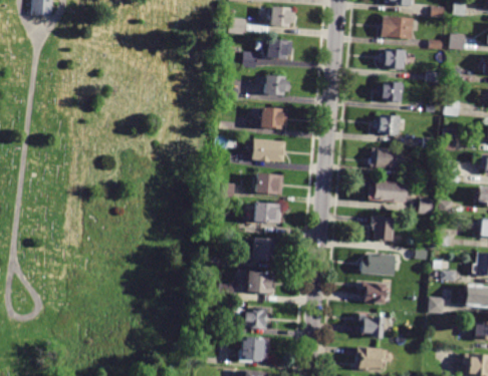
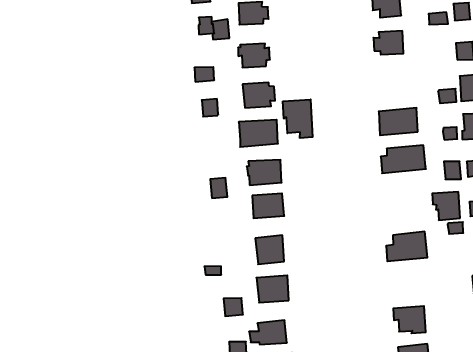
building: [373,114,399,134] -> none
building: none -> [283,99,313,138]
building: [371,217,394,241] -> [432,192,460,220]
building: [361,281,387,303] -> none

